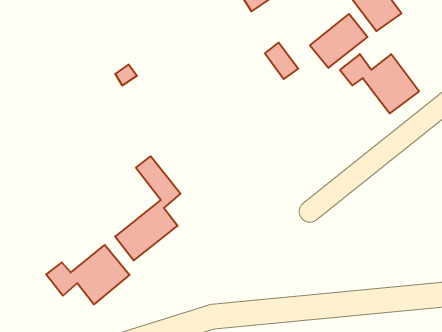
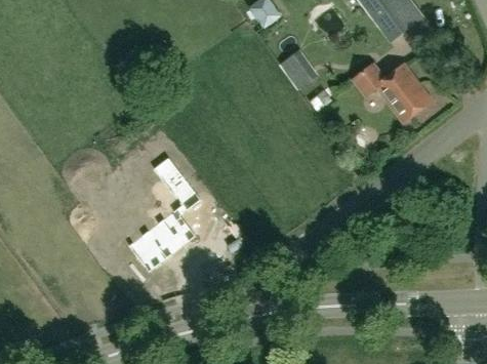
building: [310,14,367,68] -> none
building: [46,245,130,304] -> none

